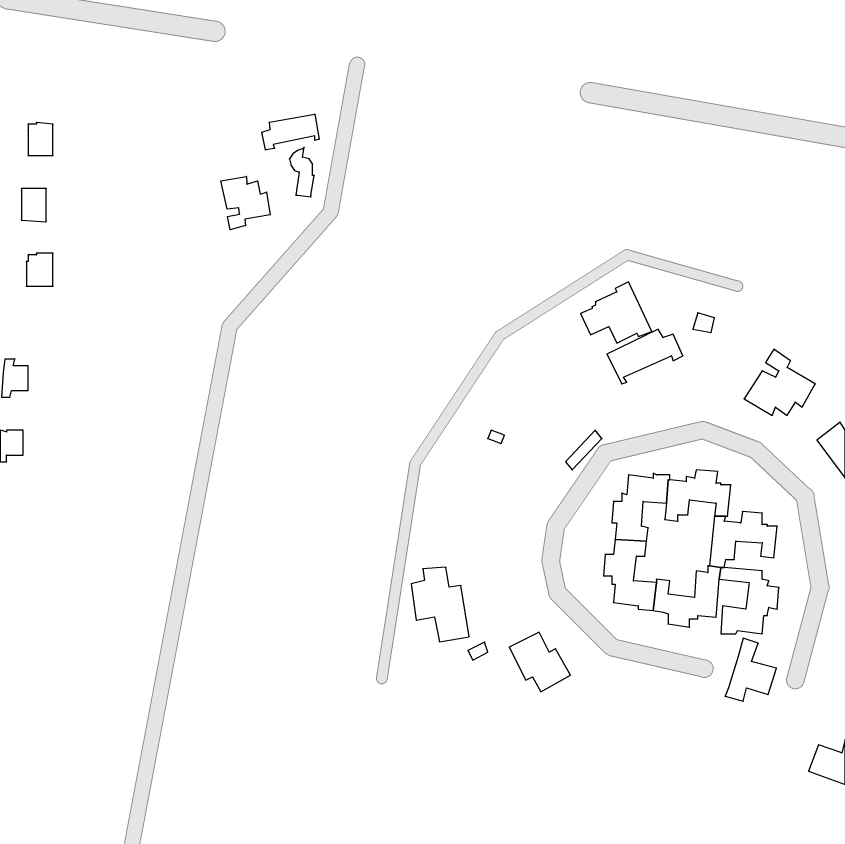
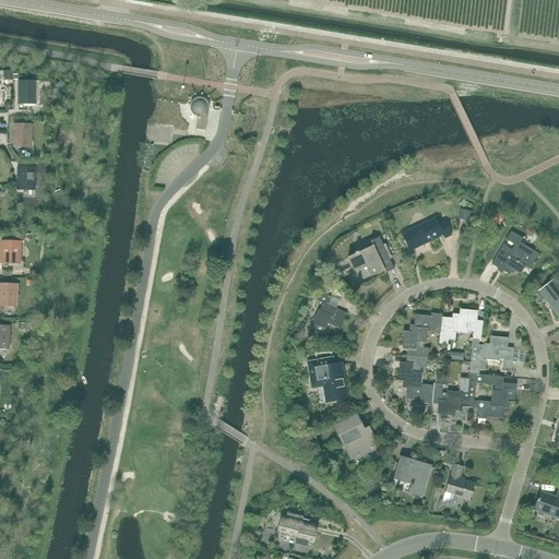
building: [262,114,319,150] -> none
building: [221,176,270,230] -> none
building: [581,282,652,343] -> [347,236,394,276]
building: none -> [312,292,347,329]
building: [411,567,469,642] -> [308,352,346,401]
building: [725,638,776,701] -> [441,463,475,504]
building: none -> [395,453,430,495]
building: none -> [280,512,317,546]

